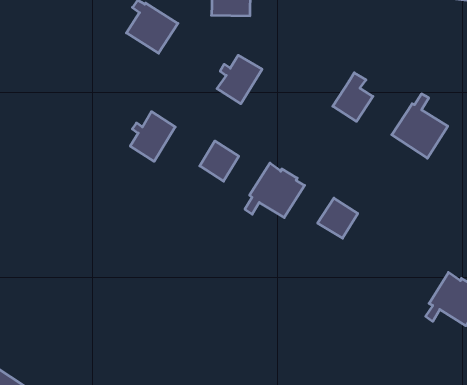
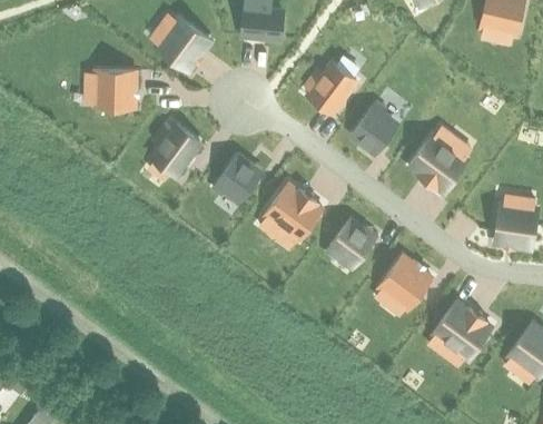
building: [217,55,262,104] -> [308,66,354,114]
building: none -> [86,72,134,106]
building: none -> [376,259,430,308]

